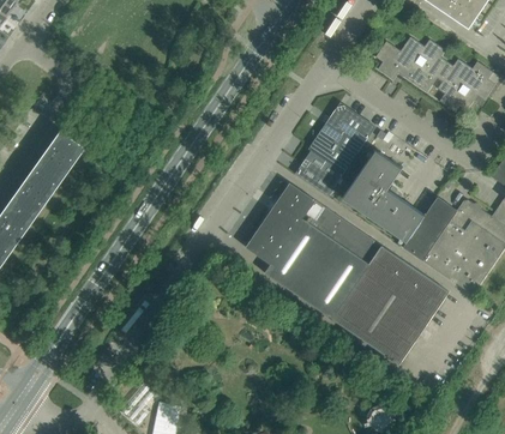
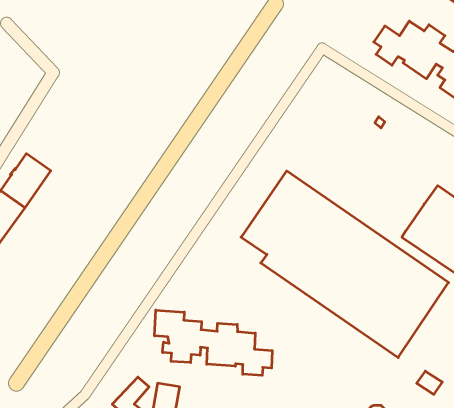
building: [295,104,374,195] -> none
building: [35,131,84,182] -> none
building: [341,150,423,241] -> none
building: none -> [155,310,272,375]

